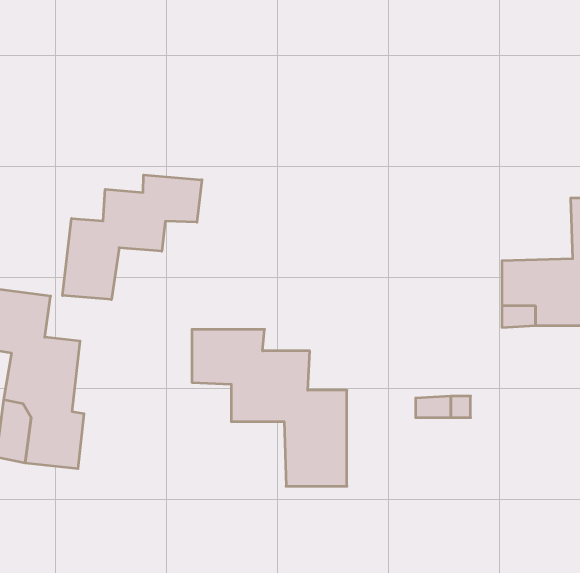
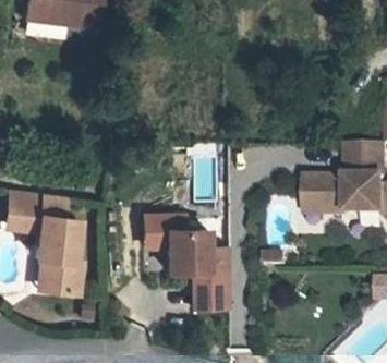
building: [63,175,202,300] -> none

